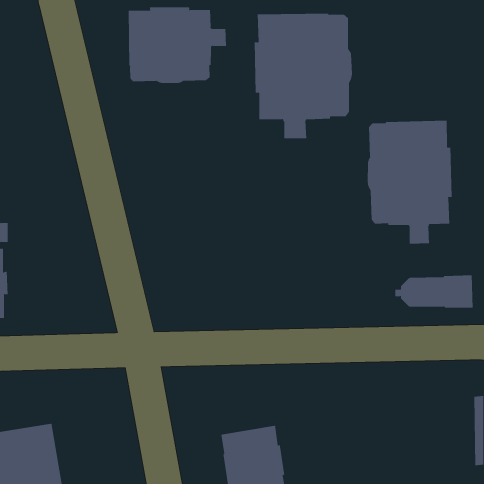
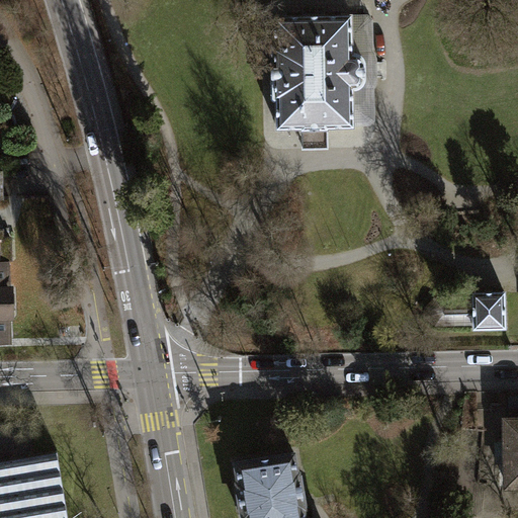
building: [128,7,226,84] -> none
building: [367,120,452,245] -> none

